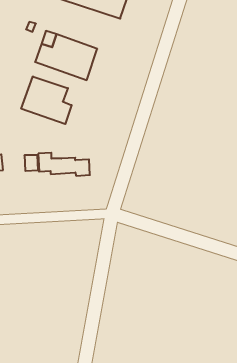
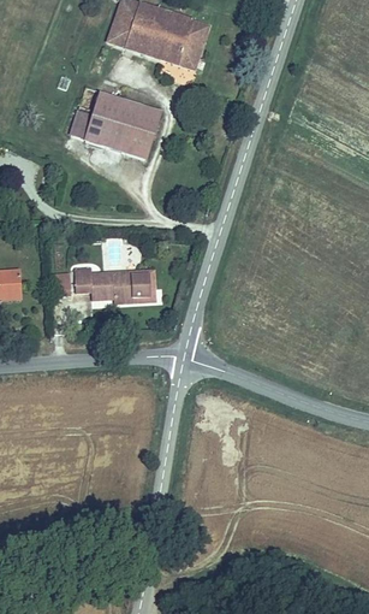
building: [21,76,72,124] -> none

